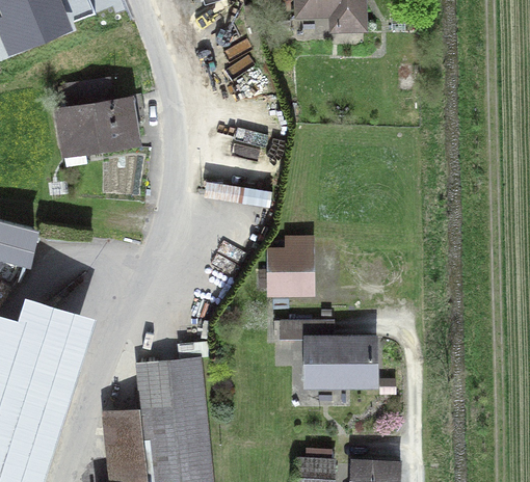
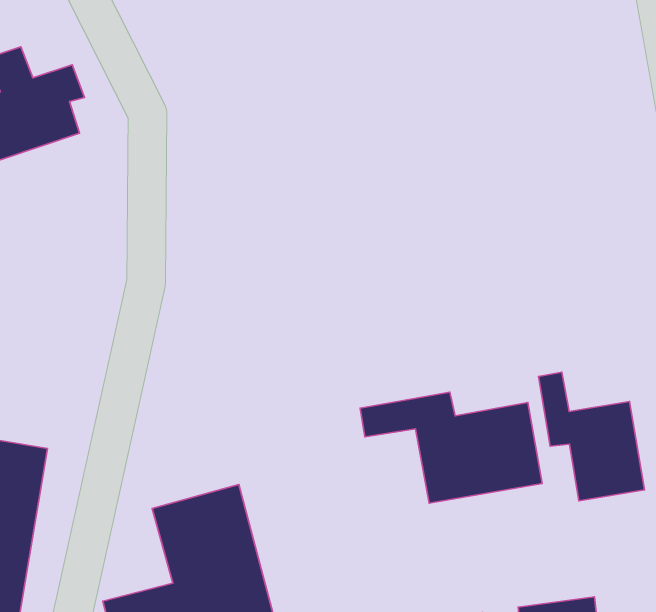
building: [272,241,313,301] -> none
building: none -> [539,372,645,501]

